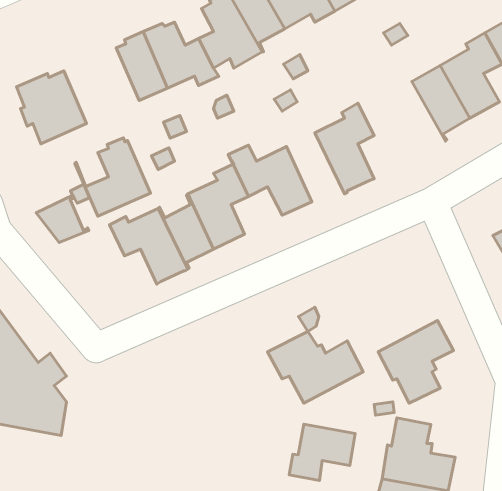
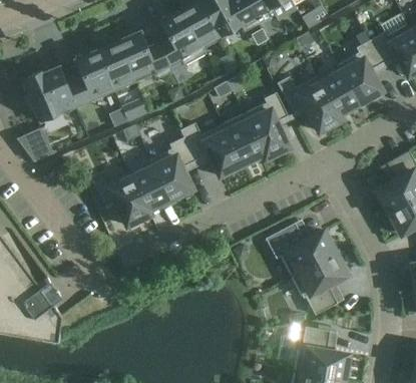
building: none -> [277,76,341,132]
building: none -> [223,114,266,165]
building: [75,138,150,216] -> [57,49,113,107]
building: [36,195,89,243] -> [17,126,56,161]
building: [267,331,363,403] -> [264,224,335,277]
building: [289,424,355,480] -> none

